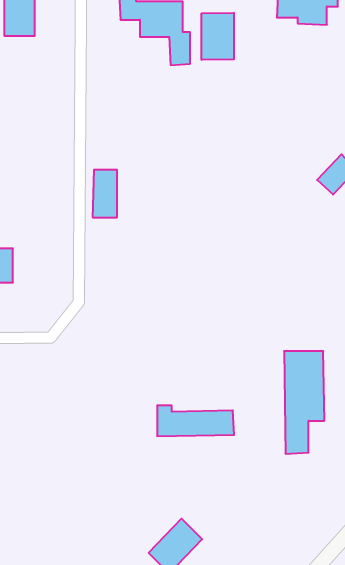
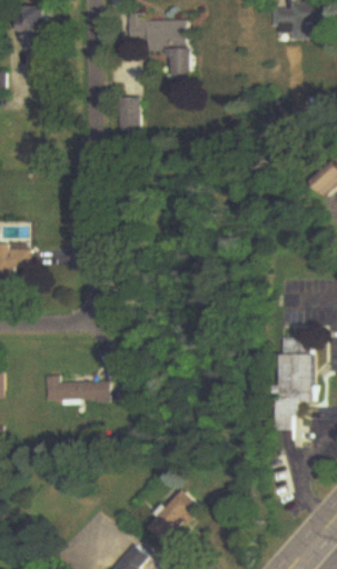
building: [202,13,234,60] -> none
building: [93,170,117,217] -> [115,97,137,140]
building: [157,406,234,436] -> [43,376,113,403]

